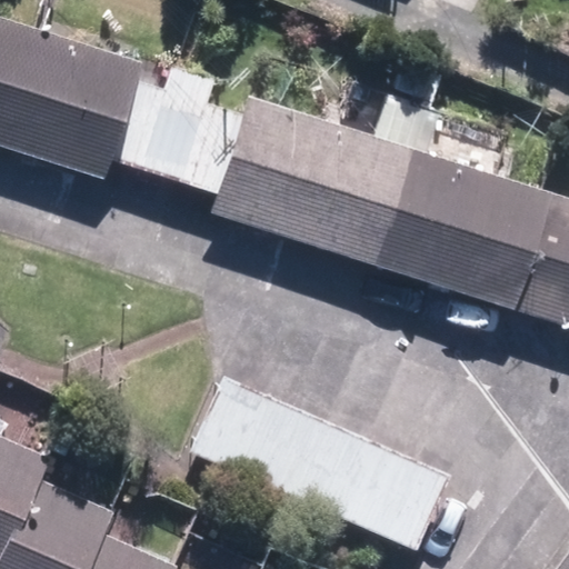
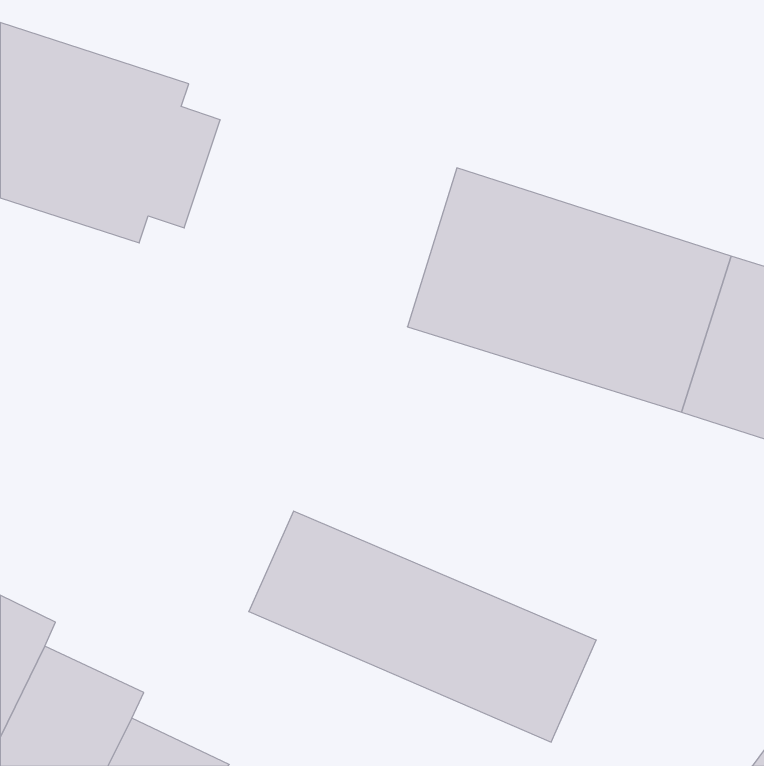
building: [138,66,340,242] -> none

